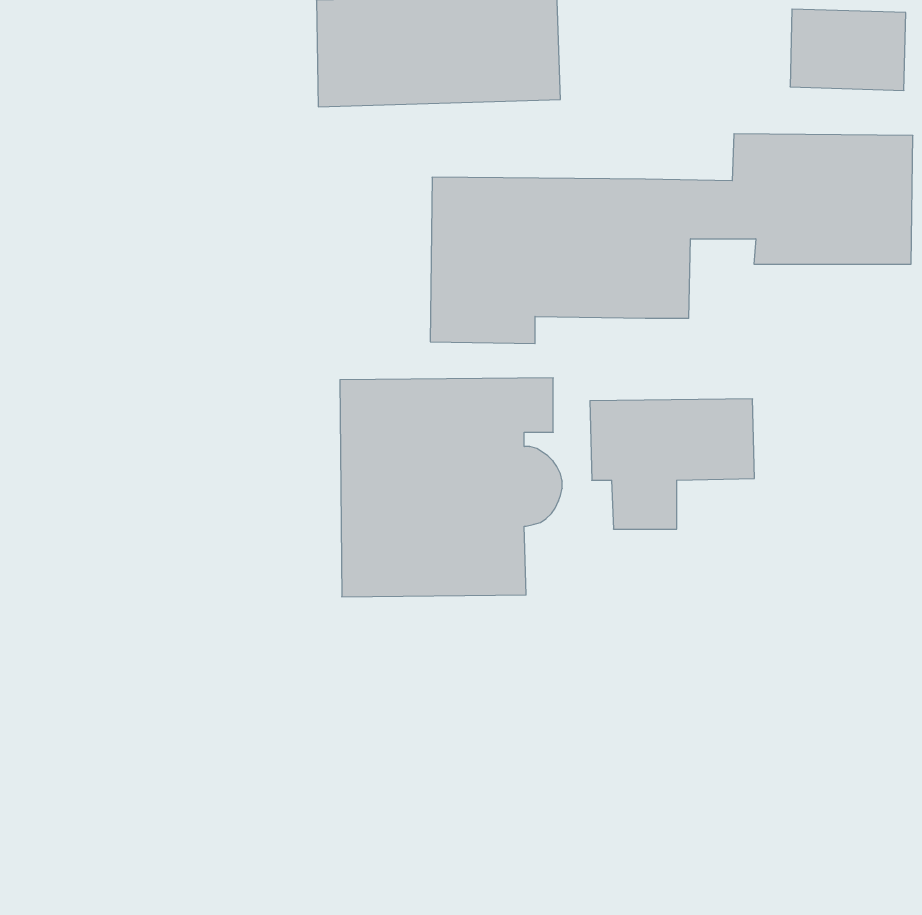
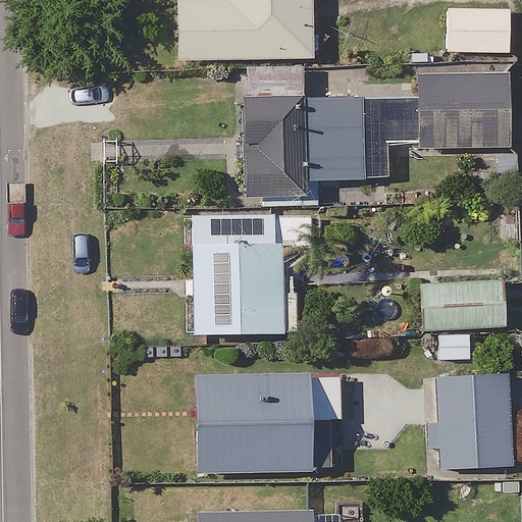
building: [590,399,754,529] -> [422,279,515,353]
building: none -> [425,376,507,467]
building: none -> [197,377,333,472]

